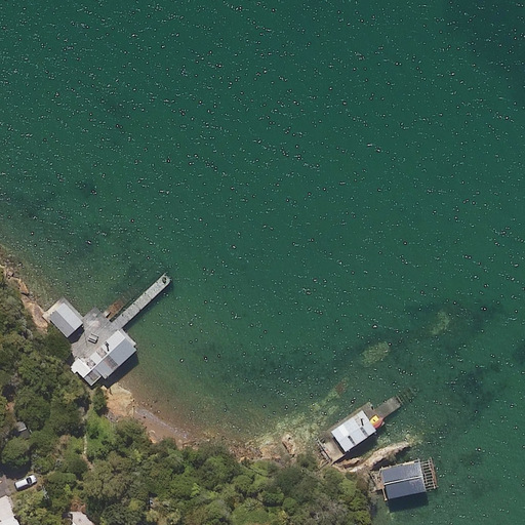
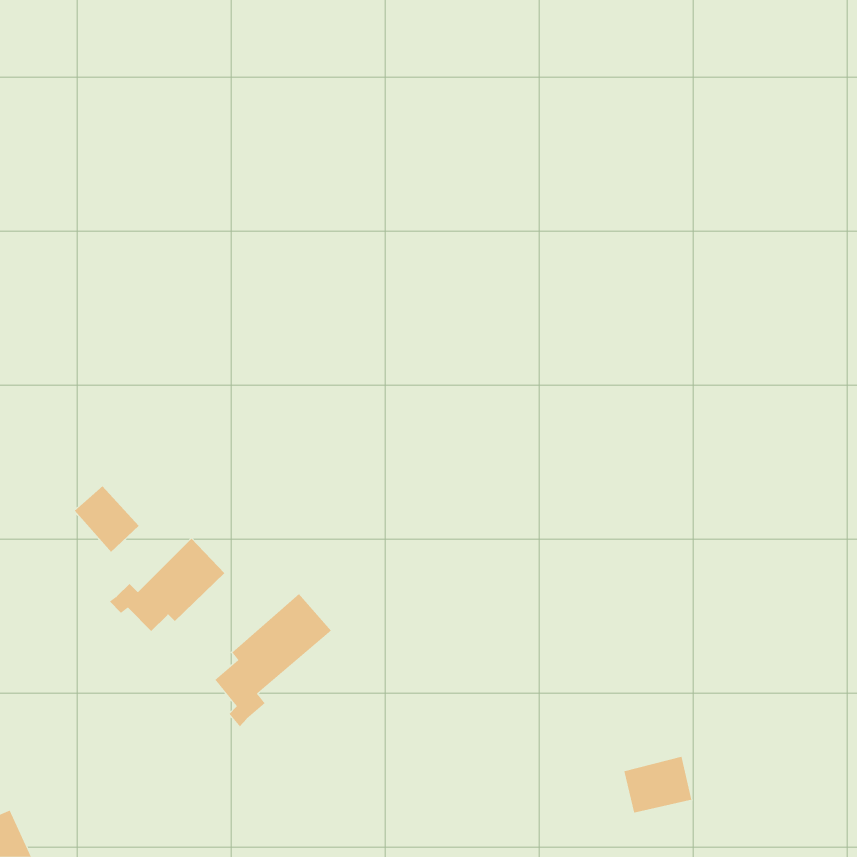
building: none -> [214,593,332,727]
building: [328,411,375,454] -> none

